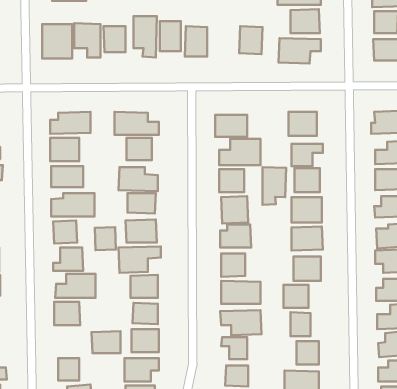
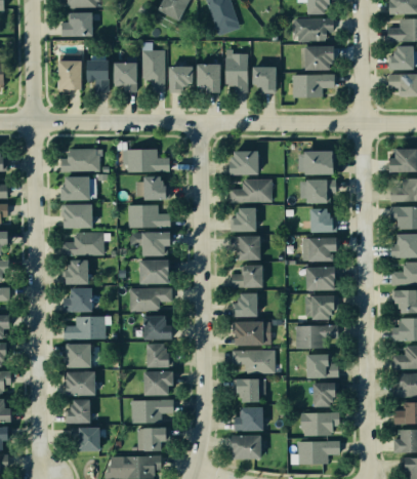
building: none -> [224,54,249,85]
building: [263,167,286,205] -> none
building: [95,227,116,250] -> none
building: [91,331,121,353] -> [62,371,92,394]

